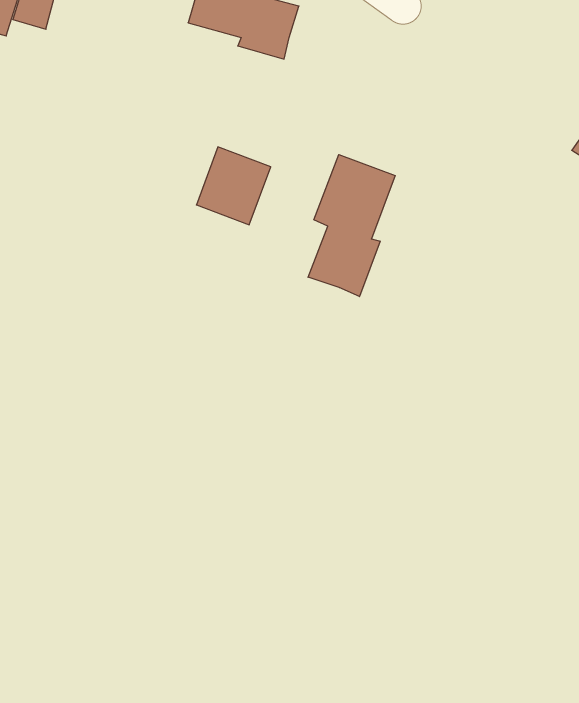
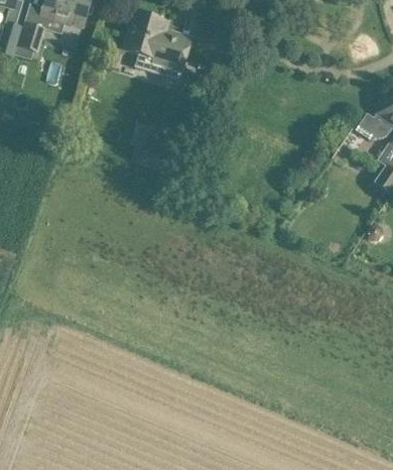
building: [308,155,395,297] -> none

